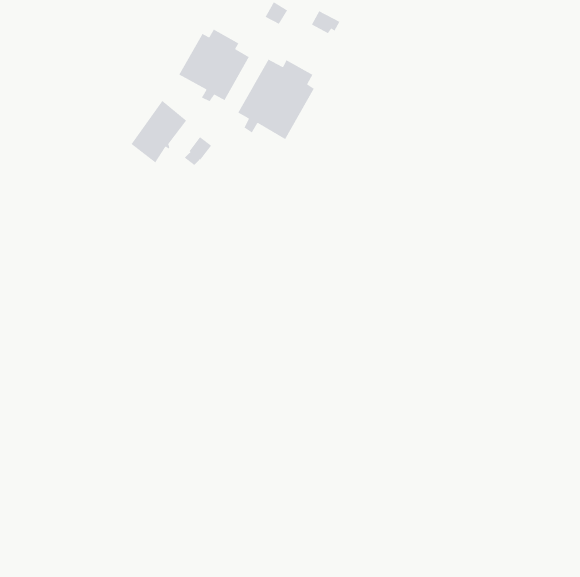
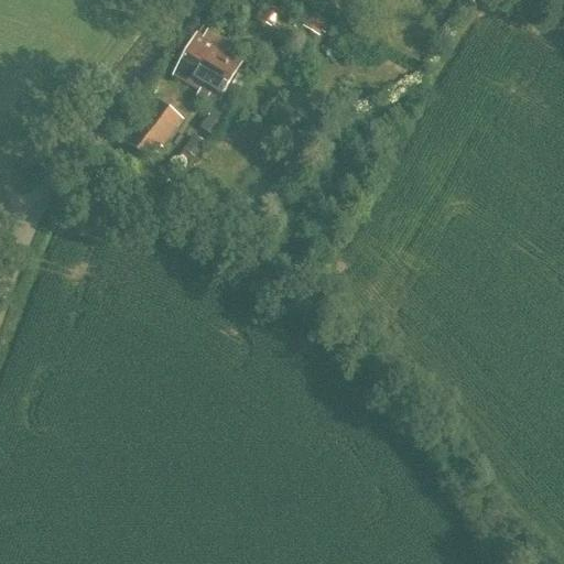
building: [237,58,315,140] -> none

